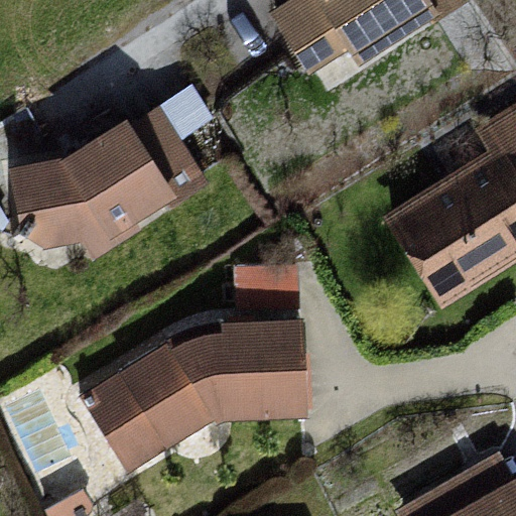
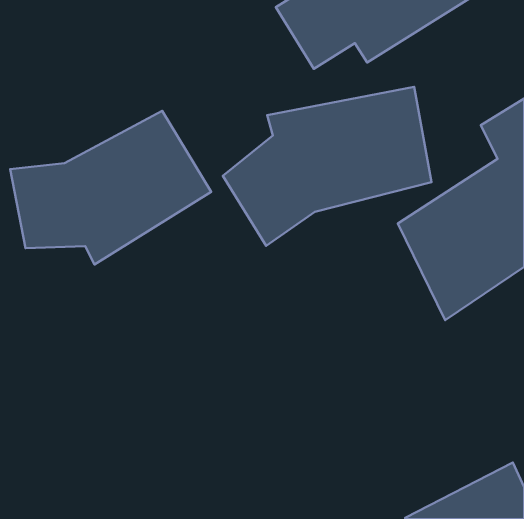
building: none -> [223,87,431,246]
building: [85,317,307,464] -> none

